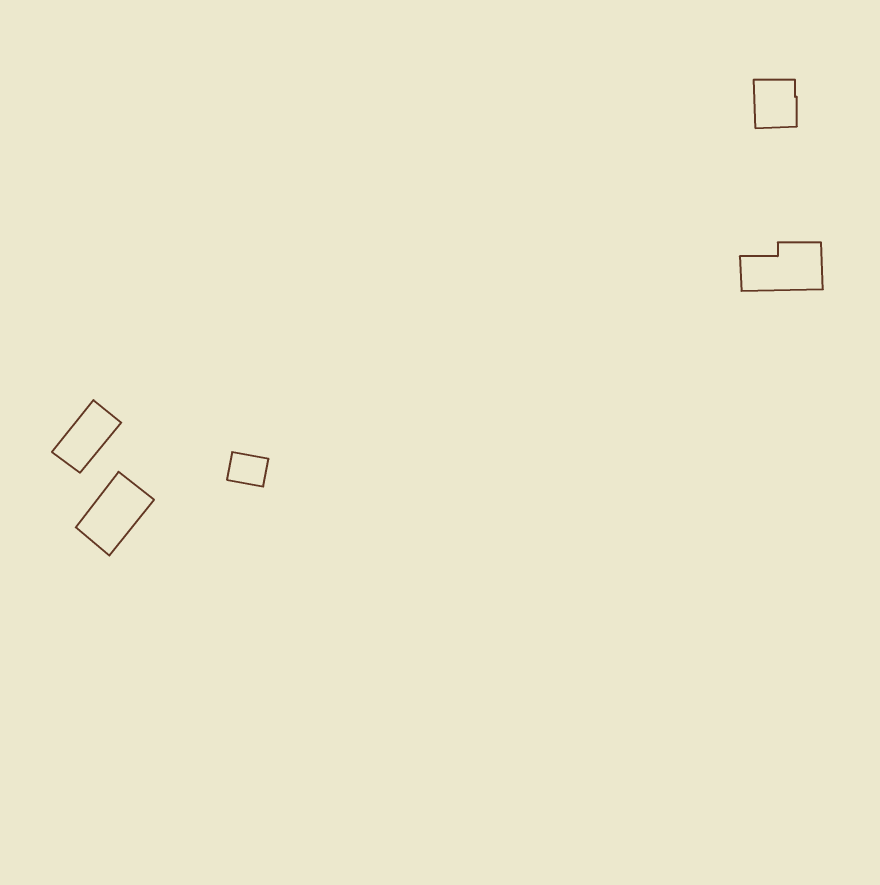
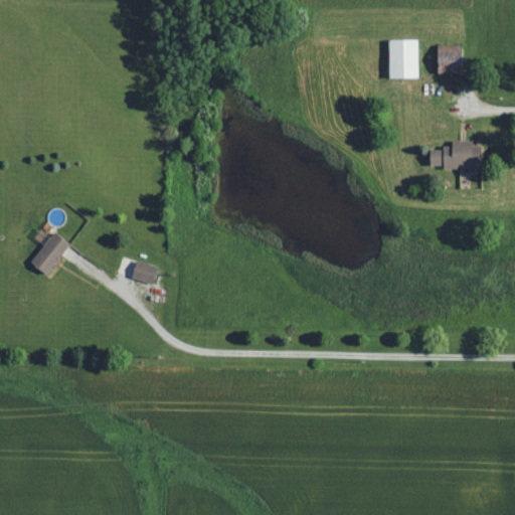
building: none -> [388,40,418,79]
building: [76,472,154,556] -> none

